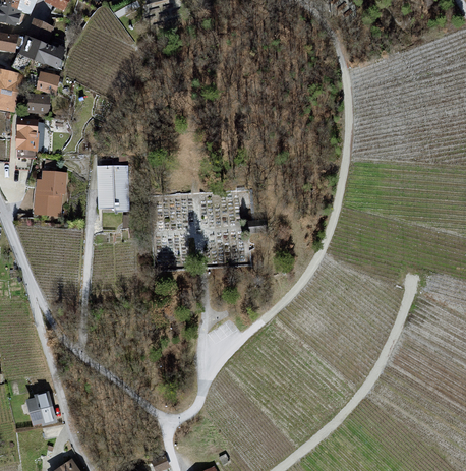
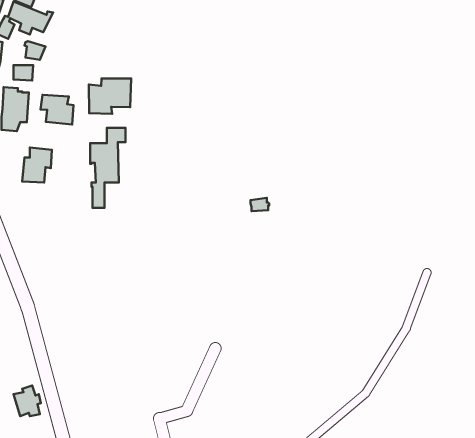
building: none -> [89,79,131,114]
building: none -> [41,95,74,125]

